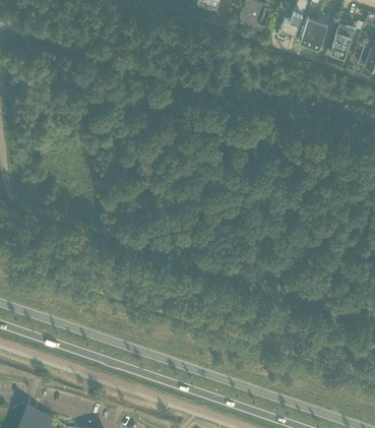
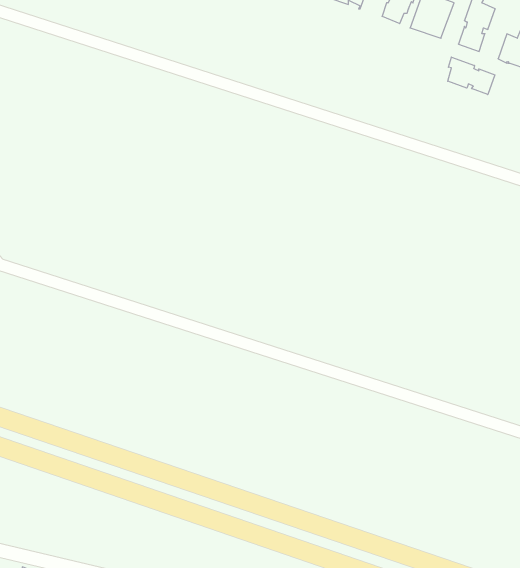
building: none -> [448,57,495,95]

